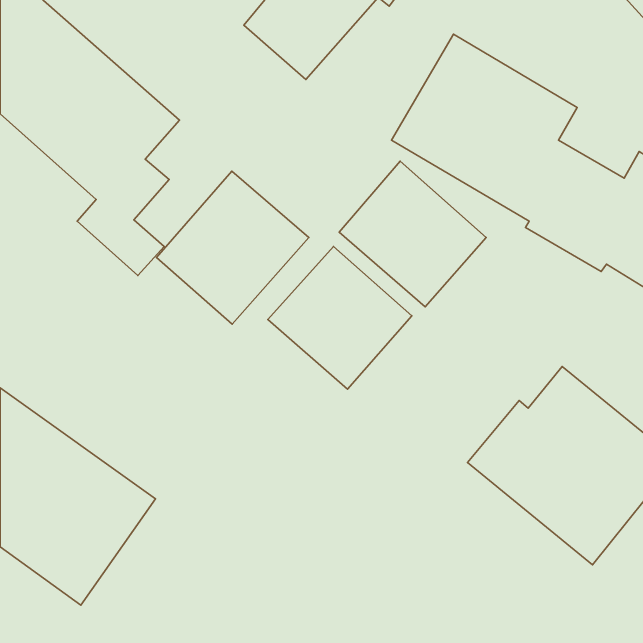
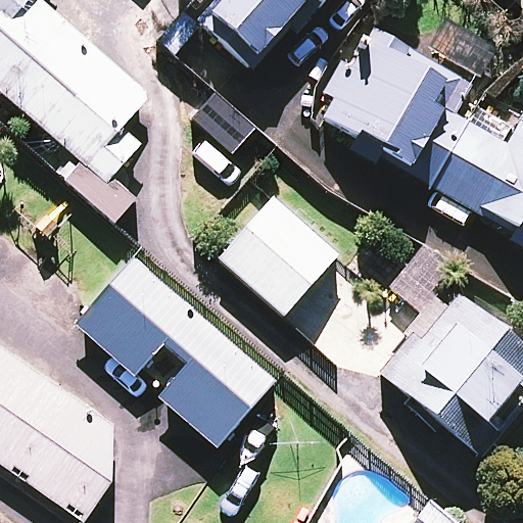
building: [339,161,486,307] -> none
building: [157,171,309,324] -> none
building: none -> [92,236,279,417]

